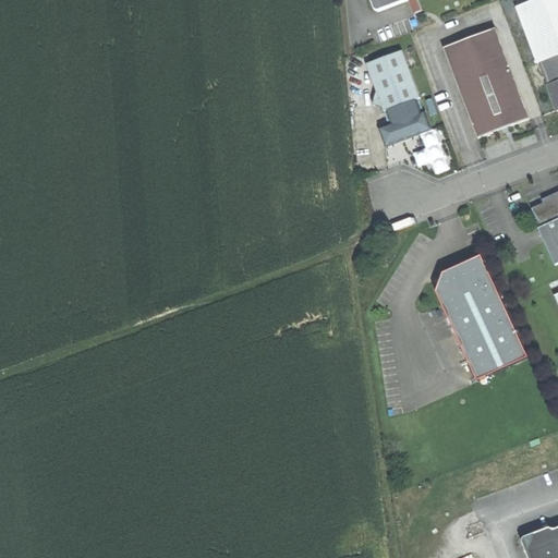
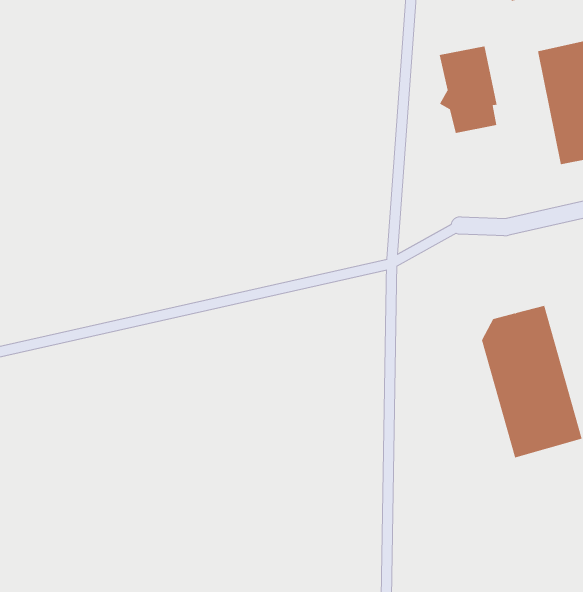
building: [377,111,429,147] -> none

